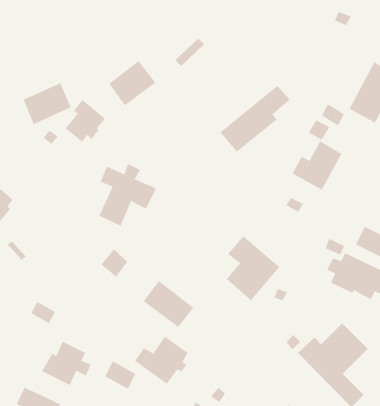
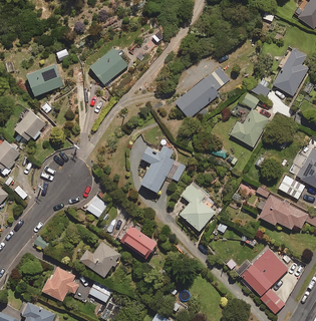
building: [65,99,106,143] -> [14,109,45,142]
building: [99,163,157,226] -> [140,147,185,196]
building: [134,336,188,385] -> [77,235,118,272]

